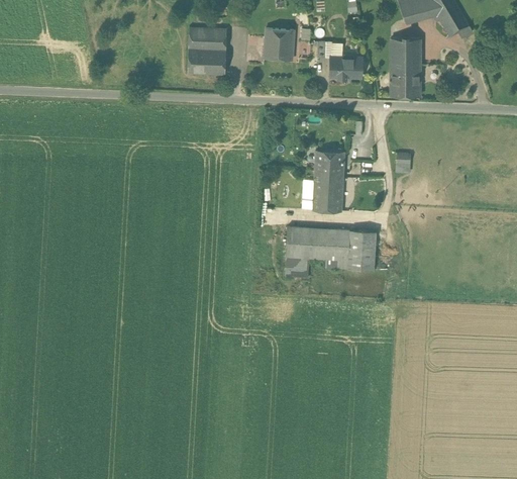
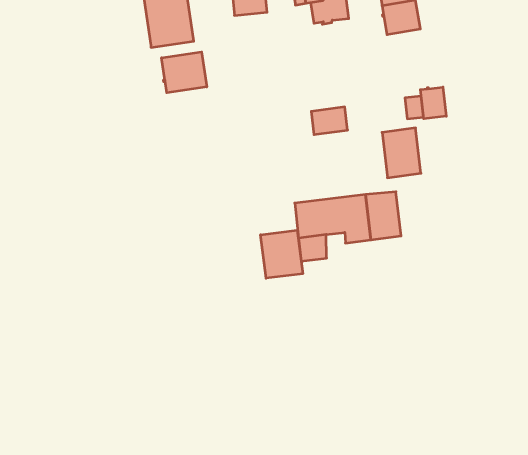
building: none -> [162,52,207,93]
building: none -> [420,87,446,119]
building: [312,171,343,211] -> [382,128,421,178]
building: none -> [261,230,303,278]

